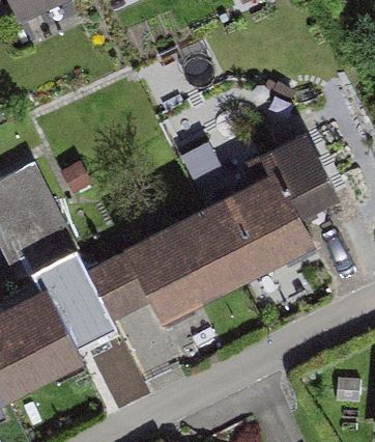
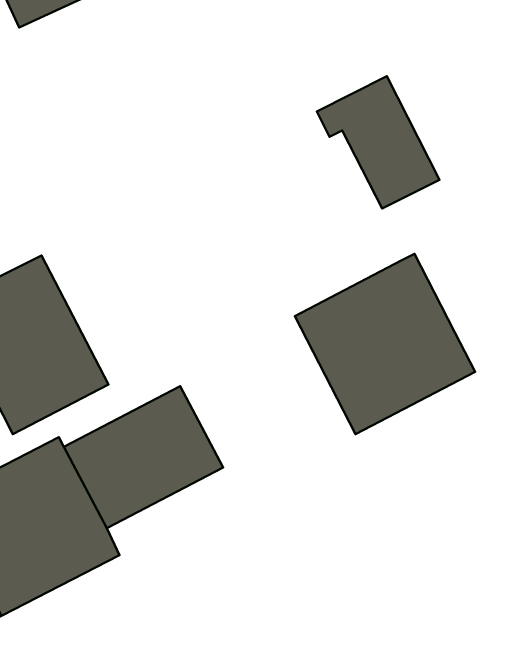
building: [260,133,340,219] -> [317,76,439,209]
building: [121,209,238,325] -> none

